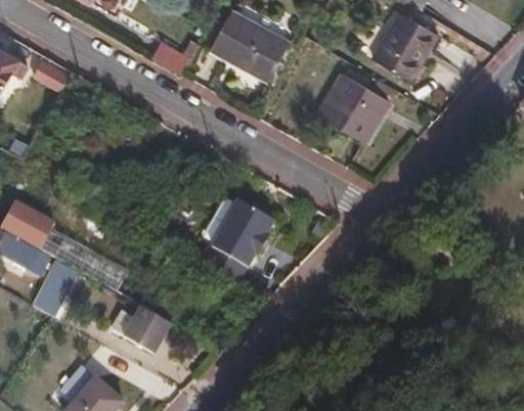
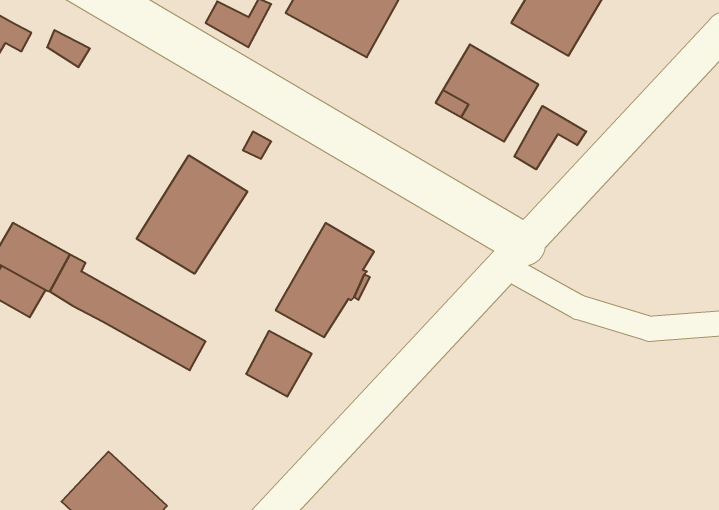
building: none -> [514,106,586,169]
building: none -> [137,155,247,274]
building: [32,259,78,317] -> none
building: [124,305,171,352] -> [246,331,312,397]

